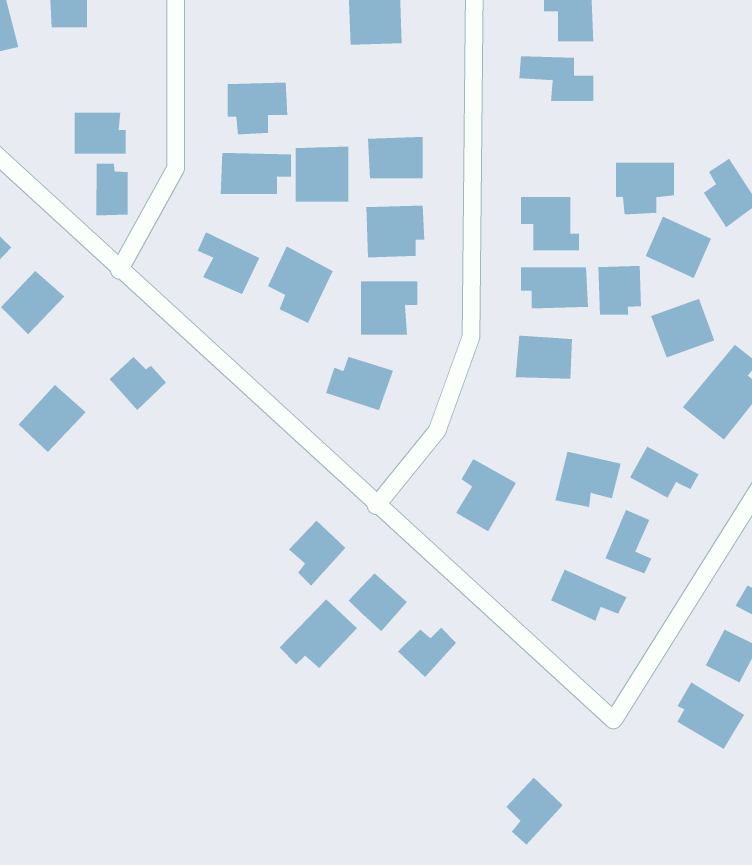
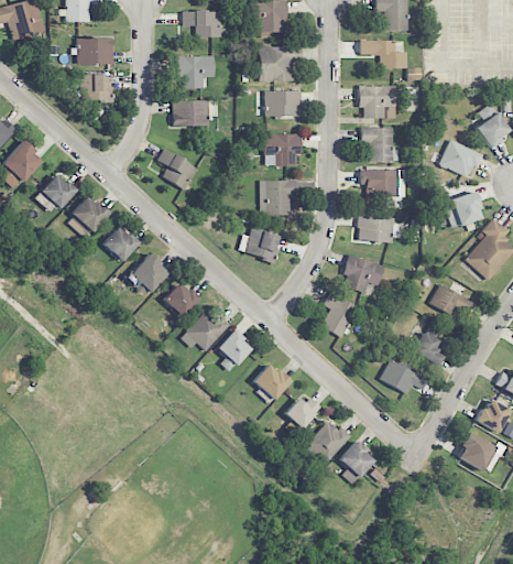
building: none -> [183,10,229,36]
building: none -> [78,37,114,63]
building: [295,146,349,202] -> [259,45,293,80]
building: [615,162,675,215] -> [359,85,396,118]
building: [96,163,128,216] -> none
building: [267,245,334,324] -> none
building: [598,265,641,315] -> none
building: [18,384,86,453] -> [66,195,109,238]
building: none -> [130,253,170,294]
building: none -> [163,281,199,317]
building: [555,451,621,508] -> [342,256,384,291]
building: [279,598,358,669] -> [181,306,230,350]
building: none -> [307,421,351,462]
building: [506,777,564,845] -> [339,441,375,484]

